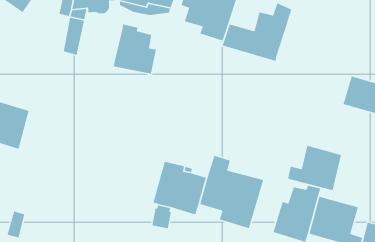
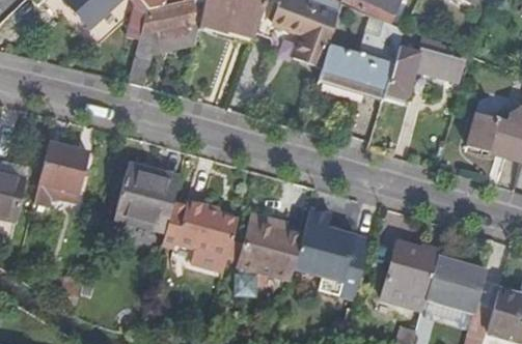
building: none -> [388,36,464,94]
building: [113,24,157,74] -> none
building: none -> [114,163,181,228]
building: [287,145,342,191] -> none
building: none -> [175,196,237,273]

